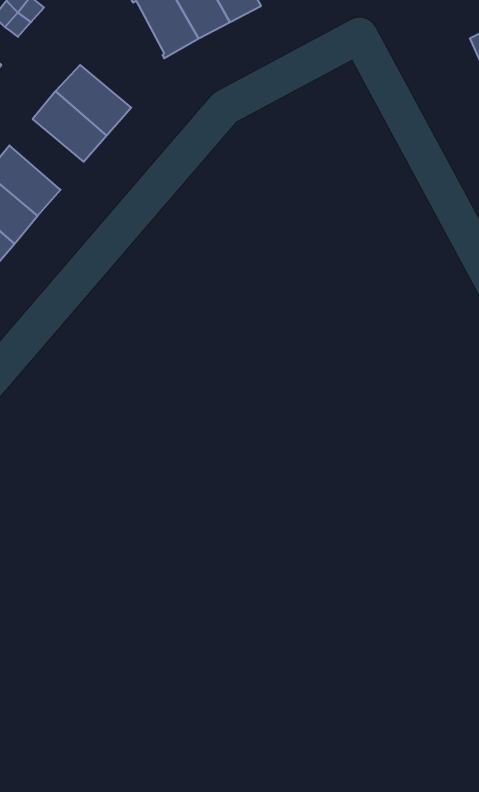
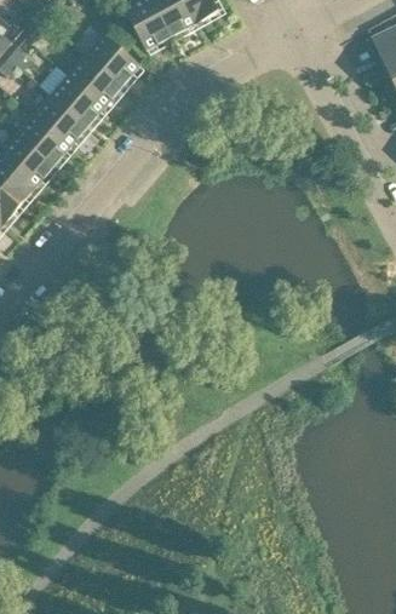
building: none -> [85,34,140,87]
building: none -> [33,96,87,148]

